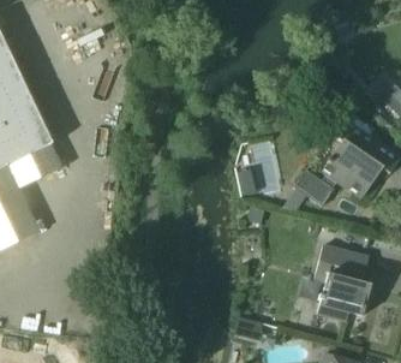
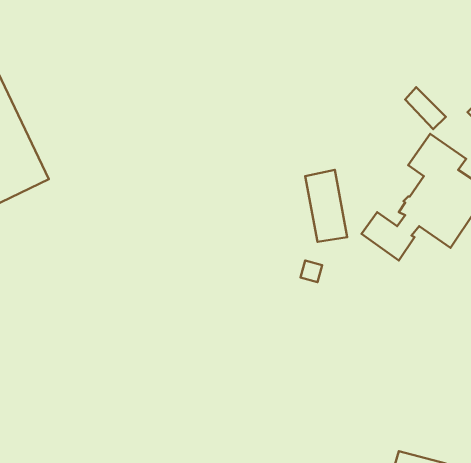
building: [313,244,370,320] -> none

